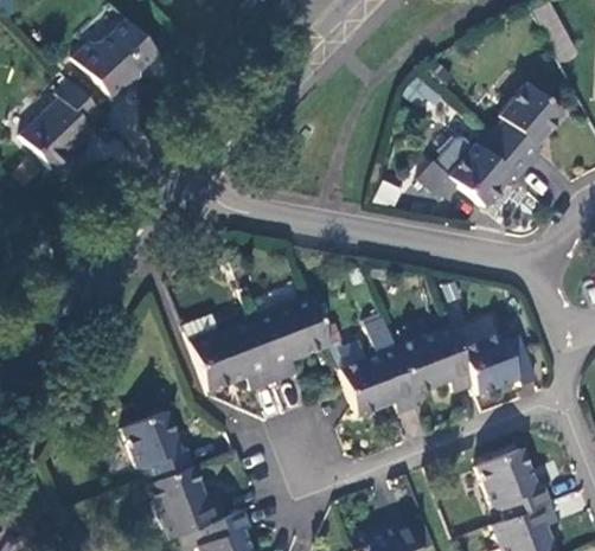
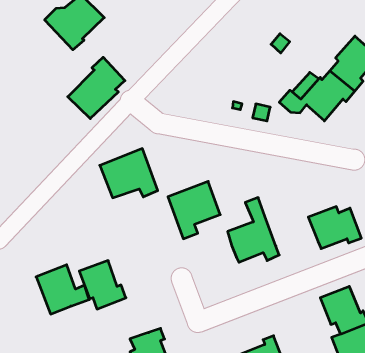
building: [20,81,104,171] -> [68,57,125,119]
building: [191,318,276,390] -> [100,149,158,198]
building: [396,326,474,390] -> none
building: [147,466,225,538] -> [36,265,89,314]

